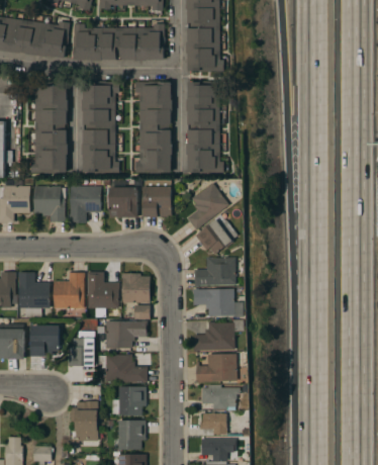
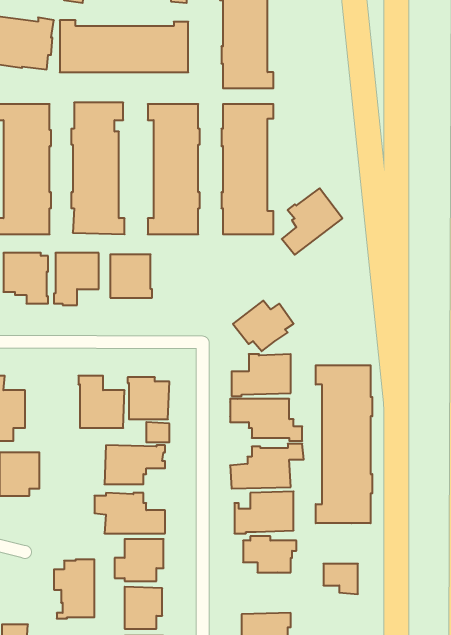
building: [143,180,171,217] -> none
building: [186,183,228,229] -> [282,188,342,255]
building: none -> [316,365,372,523]
building: [53,272,84,308] -> none
building: [67,331,94,366] -> none
building: [201,413,225,435] -> [323,564,358,594]

